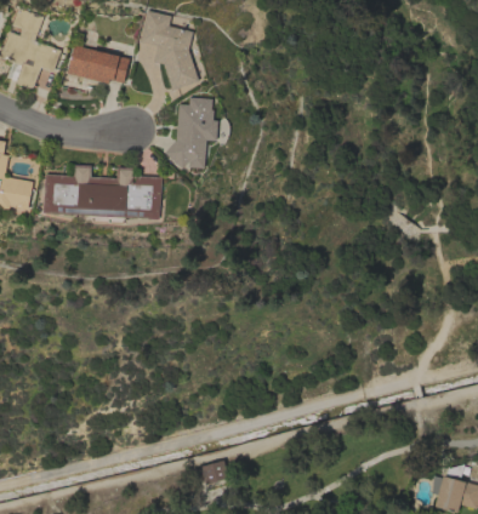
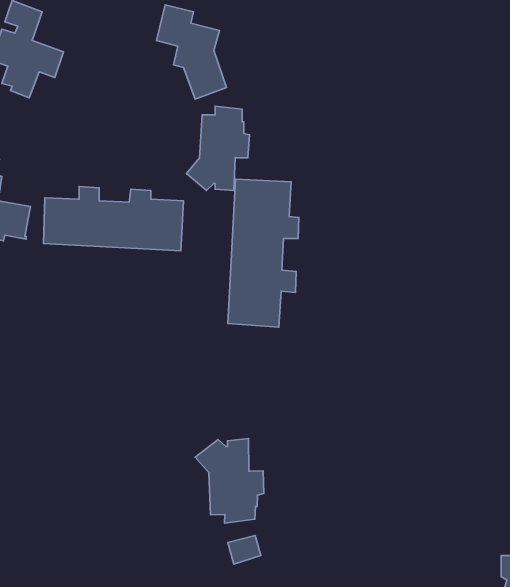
building: [67,45,130,84] -> none
building: none -> [228,179,299,327]
building: none -> [195,439,264,523]

